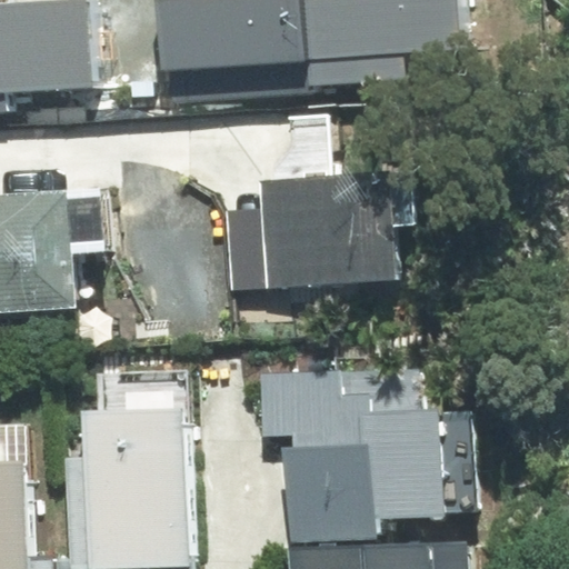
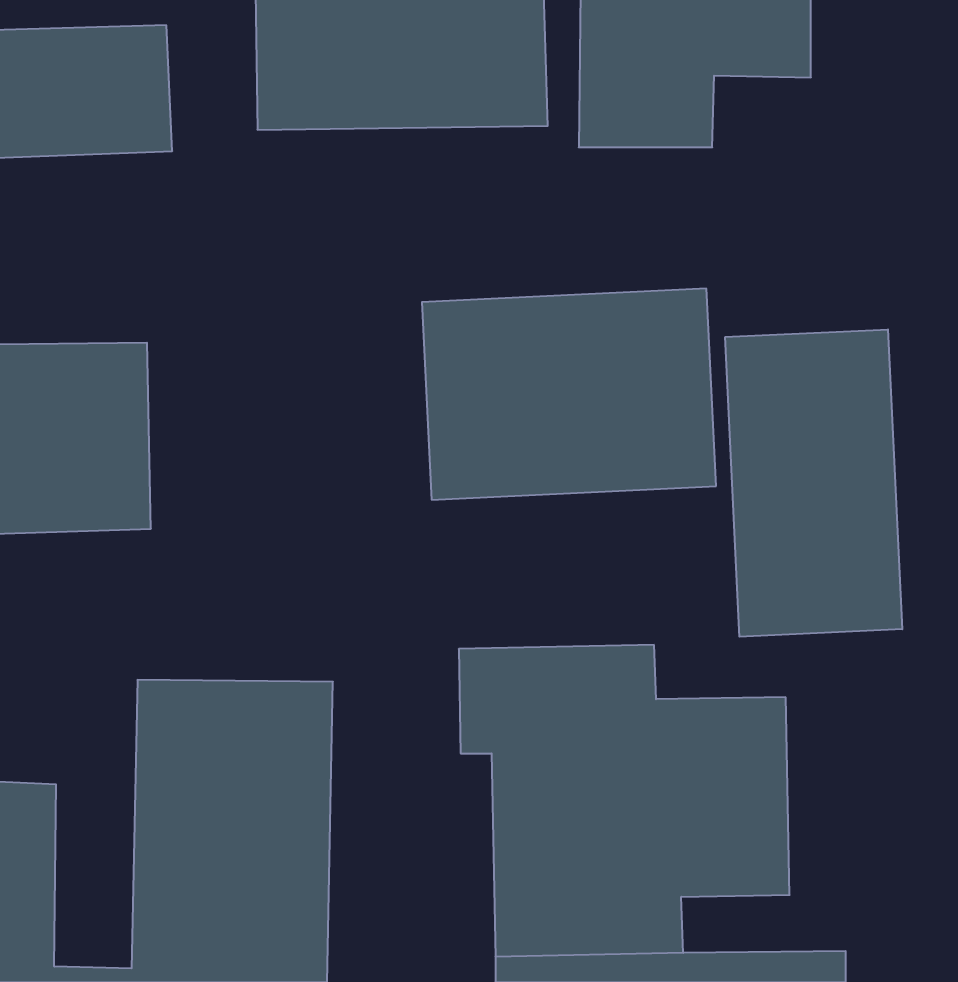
building: none -> [725,329,902,637]

